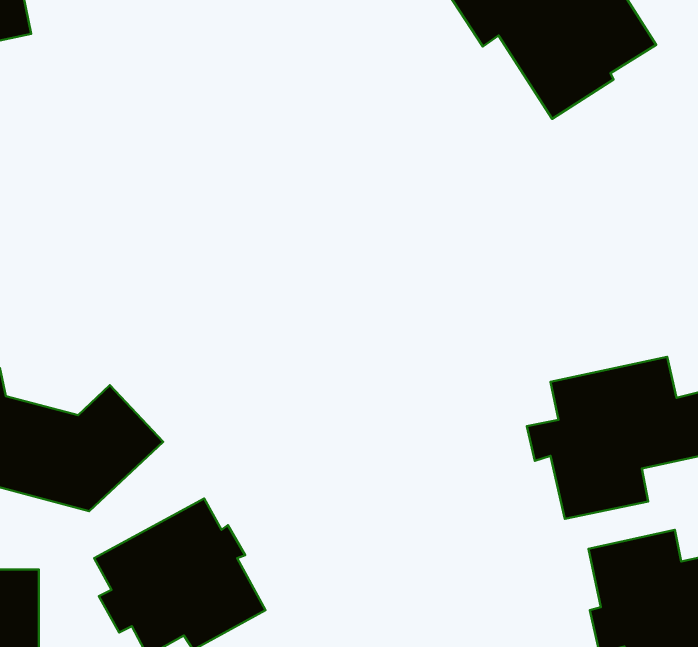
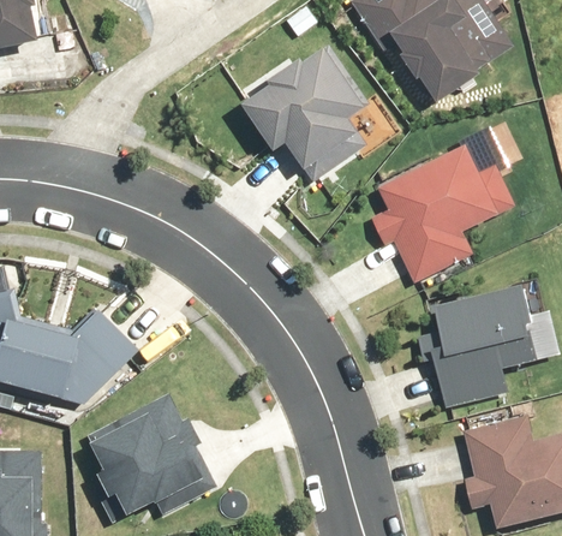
building: none -> [240,44,370,181]
building: none -> [369,145,516,284]

